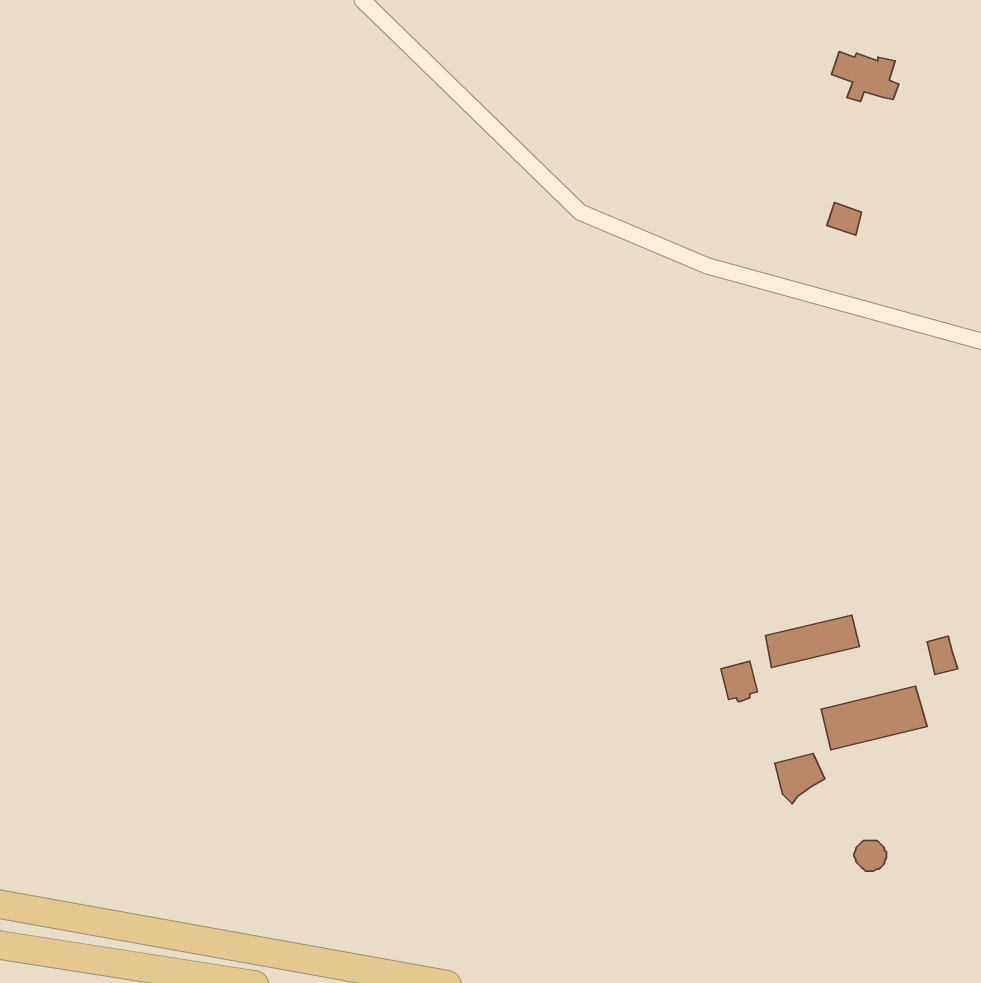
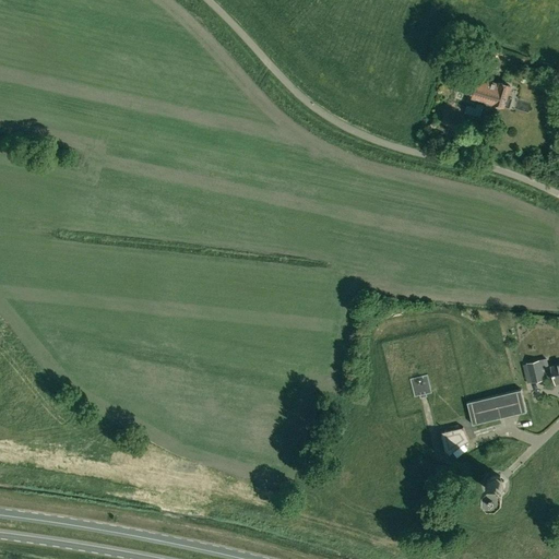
building: [831,51,899,101] -> [472,81,510,109]
building: [765,615,859,668] -> none

